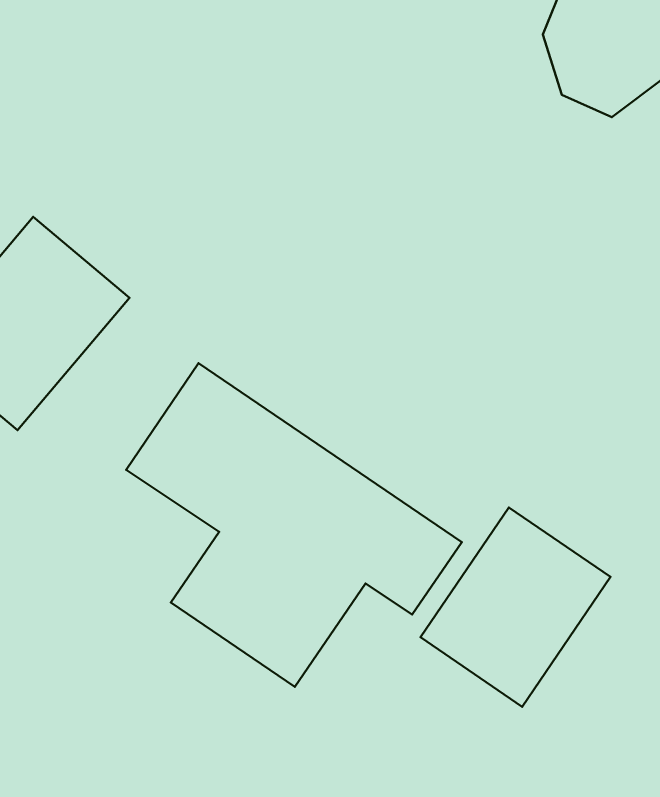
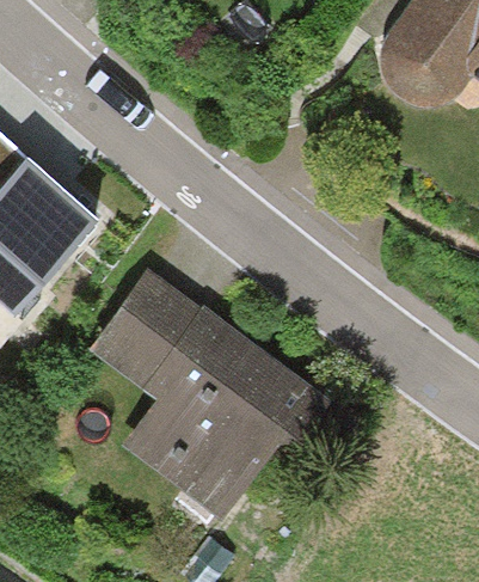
building: [420,507,611,707] -> none

